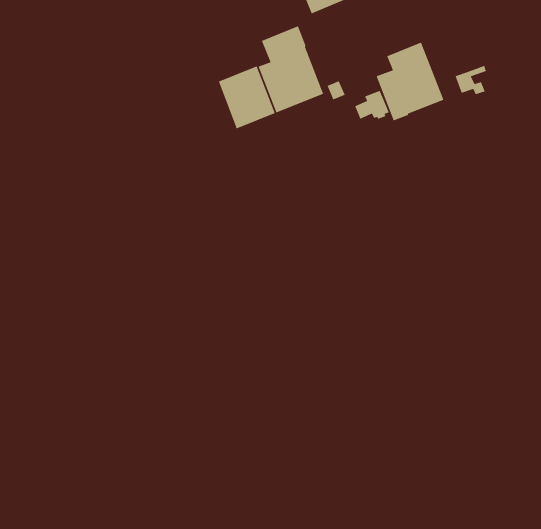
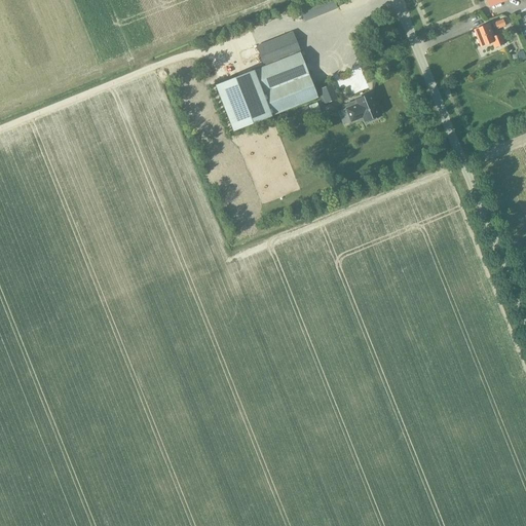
building: [376,42,444,121] -> none
building: [455,65,487,95] -> [475,17,505,46]

